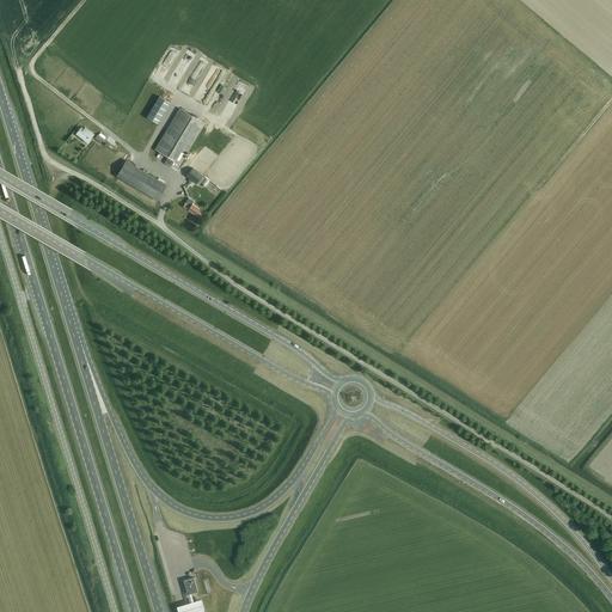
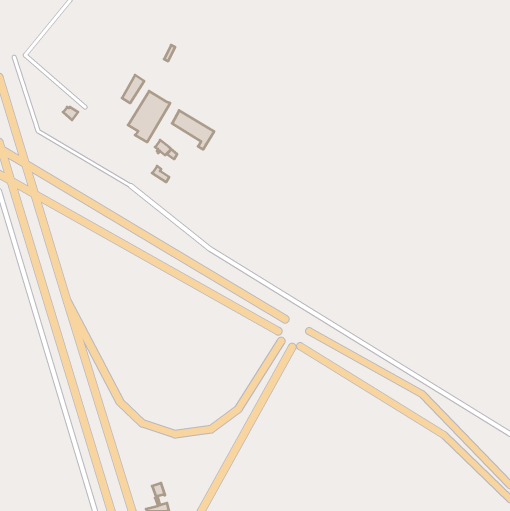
building: [116,160,166,207] -> [172,110,214,149]

